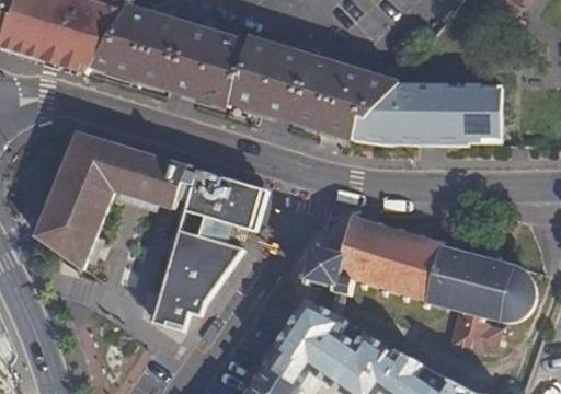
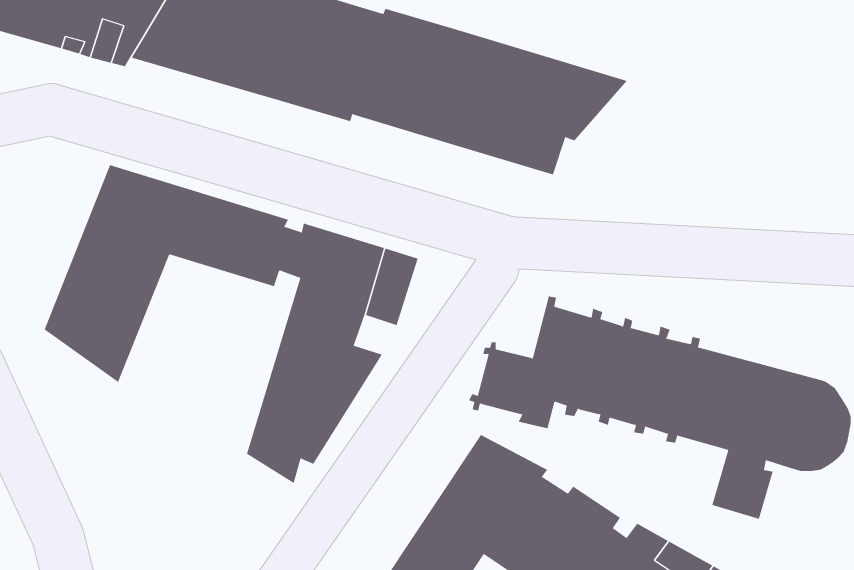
building: [351,81,497,142] -> none

